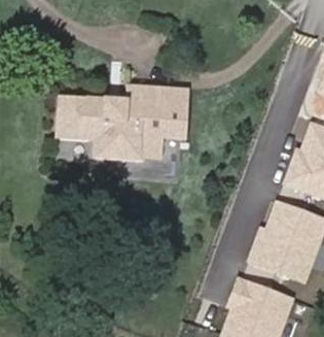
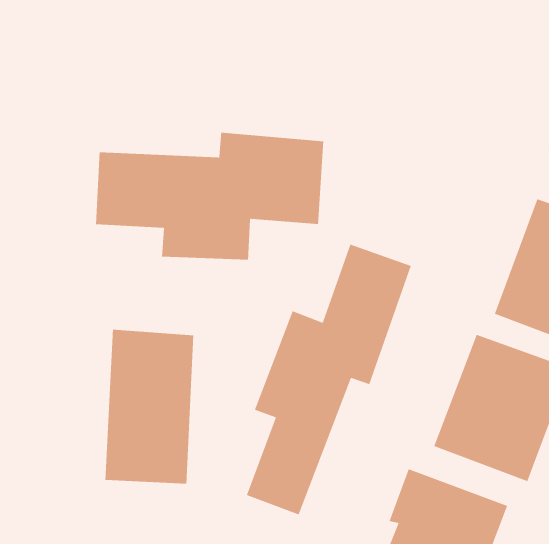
building: none -> [246,244,412,516]
building: none -> [104,329,194,484]

